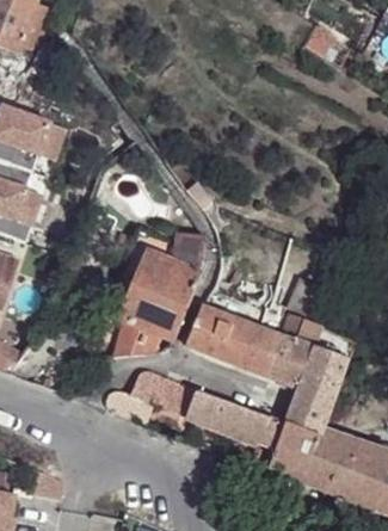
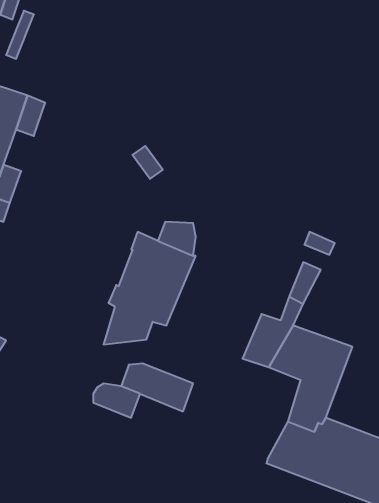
building: [186,304,266,369] -> none
building: [192,393,291,463] -> none

